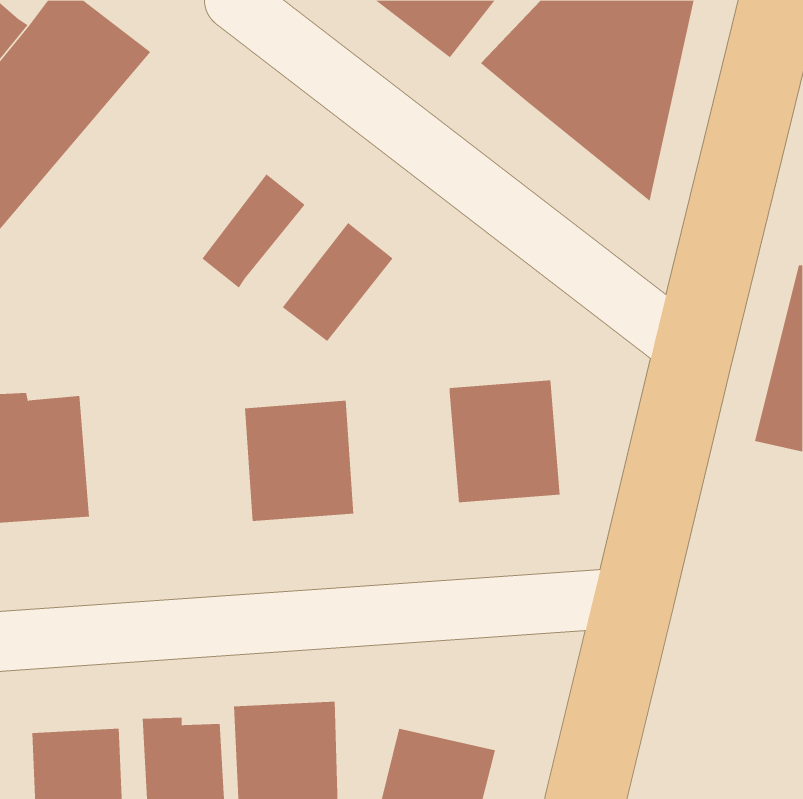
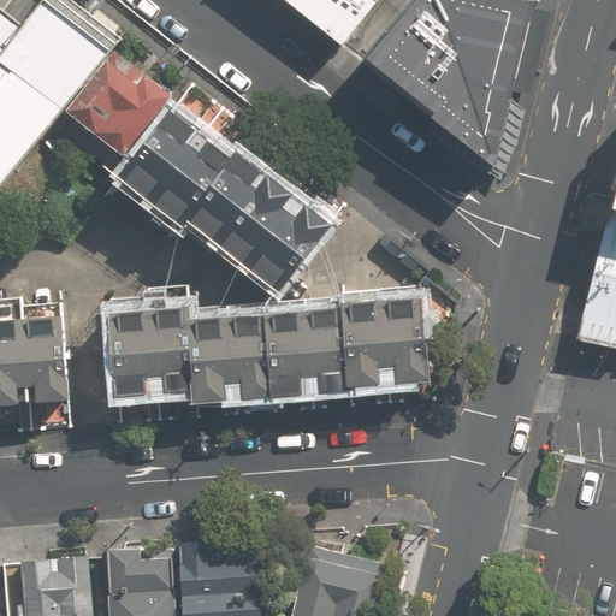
building: none -> [67,60,174,172]
building: none -> [123,113,203,202]
building: none -> [188,154,266,239]
building: none -> [250,202,332,290]
building: none -> [106,300,191,398]
building: none -> [265,304,350,397]

